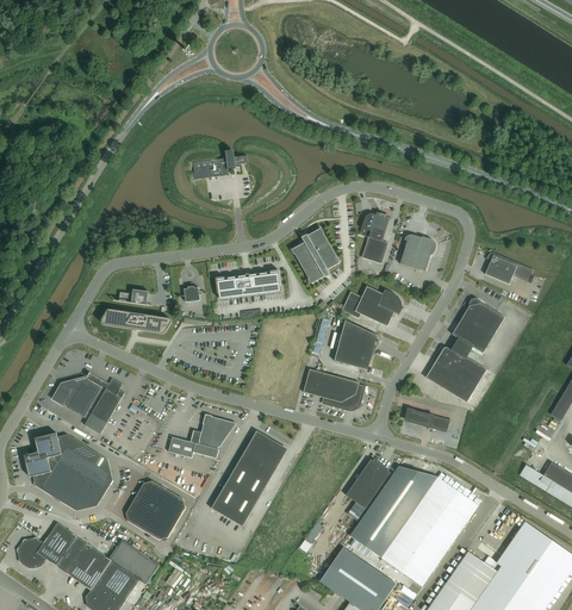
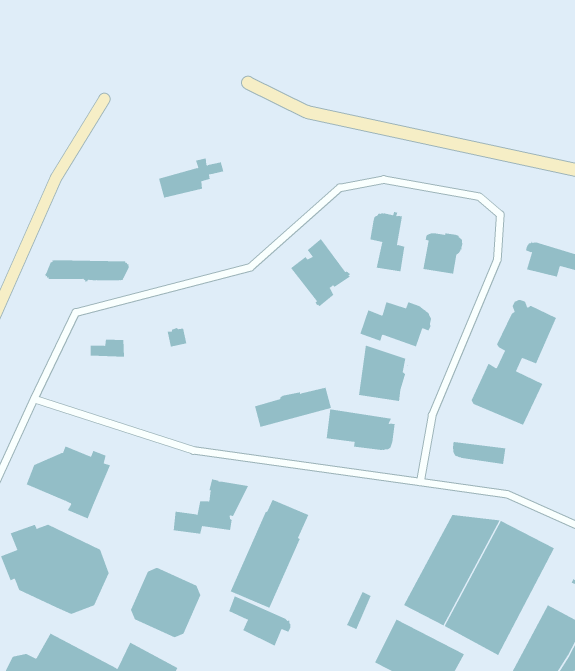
building: [214,273,278,299] -> [254,387,332,427]
building: [100,309,170,332] -> [45,260,130,282]
building: [344,459,390,509] -> none
building: none -> [228,595,291,647]

